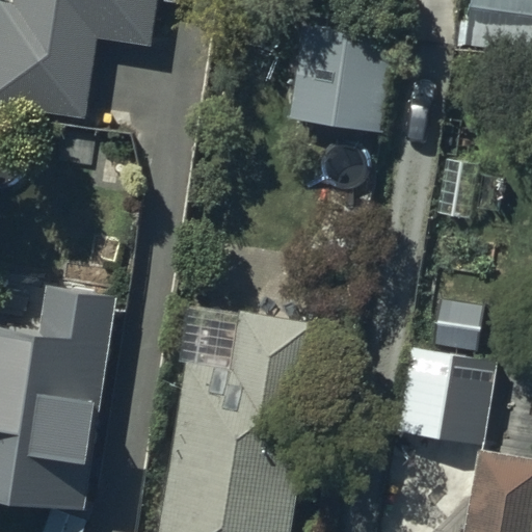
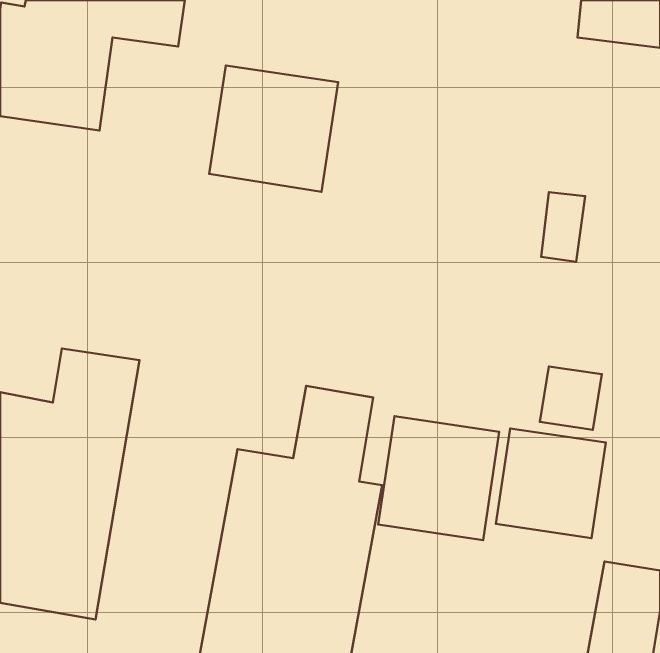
building: [287,24,391,126] -> [209,65,338,192]
building: none -> [378,416,499,540]

